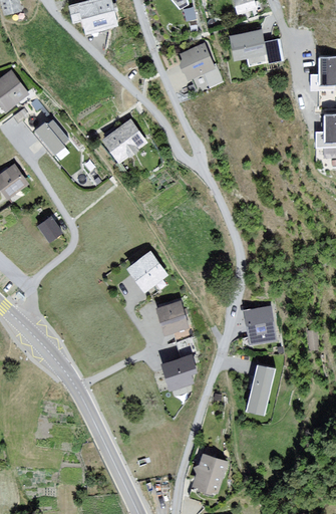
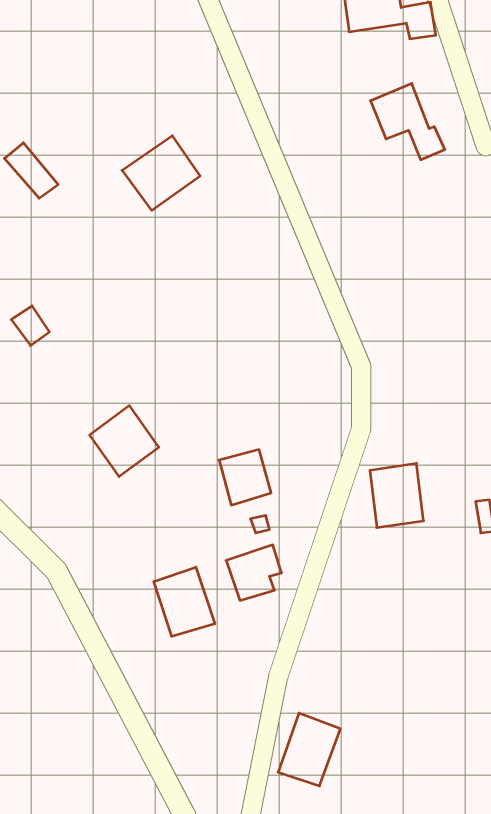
building: [181,44,224,88] -> [370,83,445,160]
building: [126,250,166,291] -> [90,406,159,477]
building: [247,363,275,414] -> none
building: none -> [154,567,215,636]

